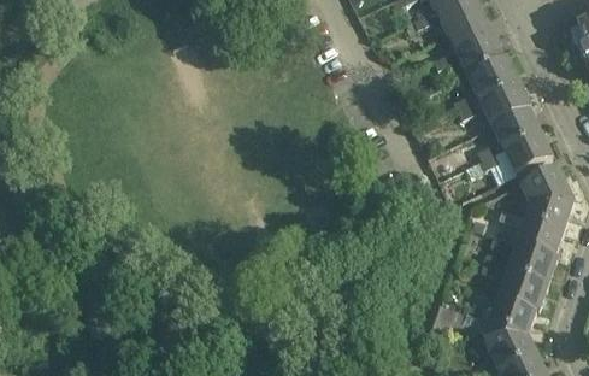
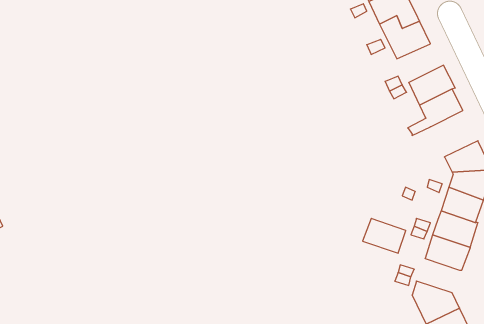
building: [465,54,517,100] -> none
building: [482,131,550,182] -> none
building: [487,296,535,335] -> [363,218,406,253]

